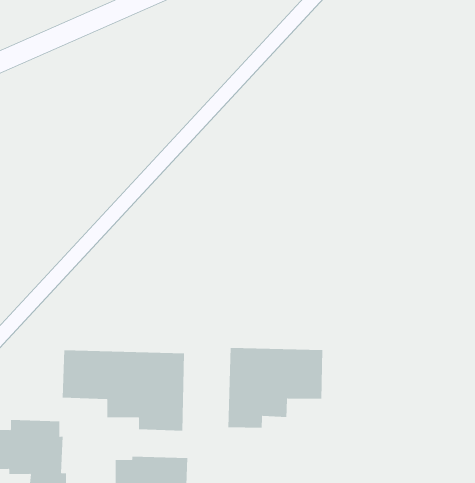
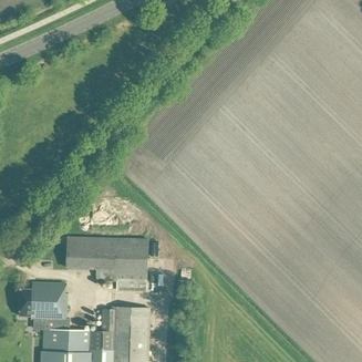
building: [228,347,323,428] -> none

